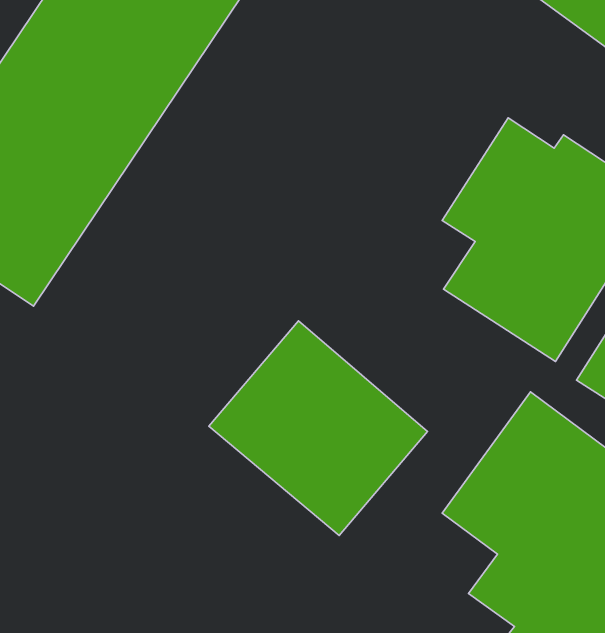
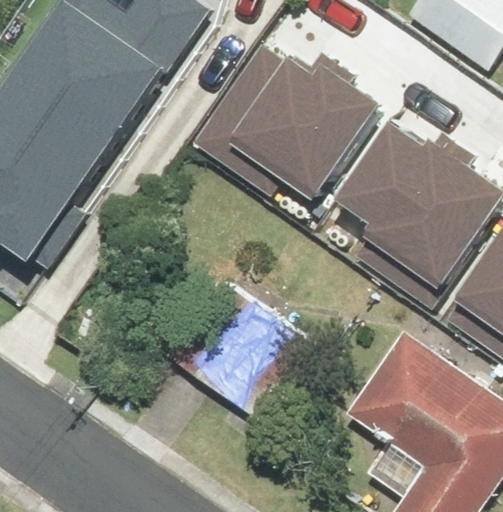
building: none -> [193,32,383,191]

